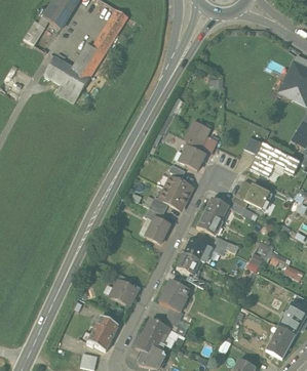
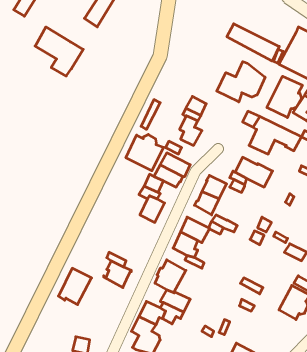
building: [78,46,104,76] -> none
building: none -> [227,24,279,61]
building: none -> [217,62,265,102]
building: none -> [267,76,302,118]
building: none -> [126,134,164,171]
building: [86,315,118,349] -> [58,268,92,305]
building: [266,326,295,358] -> none

